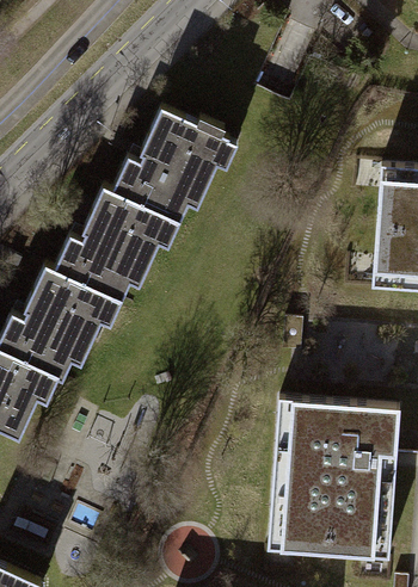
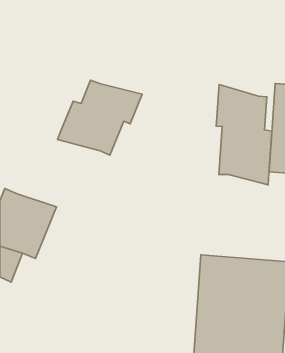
building: [140,106,233,186] -> none
building: none -> [216,85,272,185]
building: [27,237,141,341] -> none

